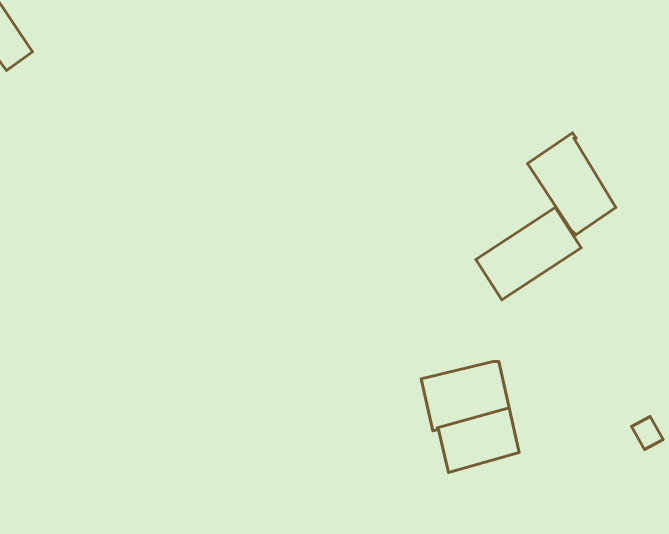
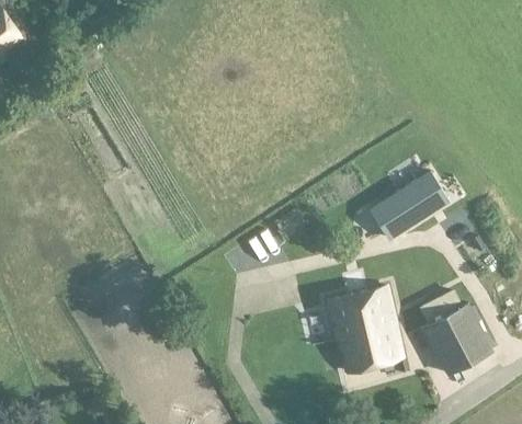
building: [528,133,616,235] -> none
building: none -> [420,293,492,375]

